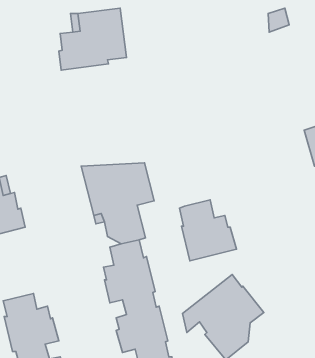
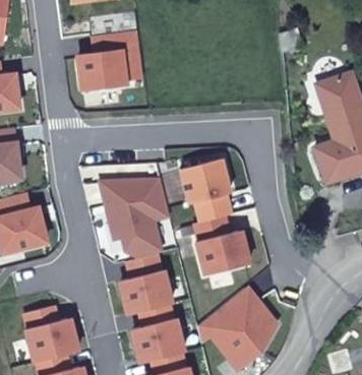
building: none -> [180,157,232,220]

